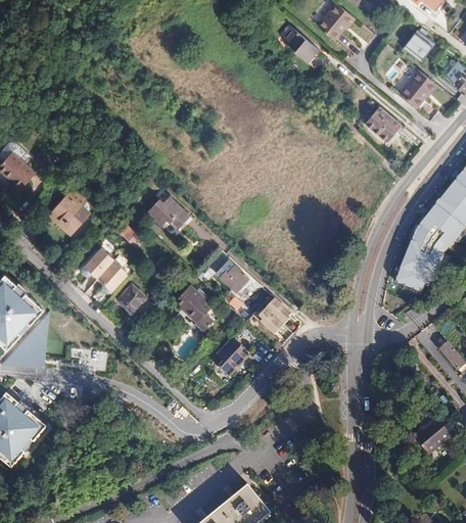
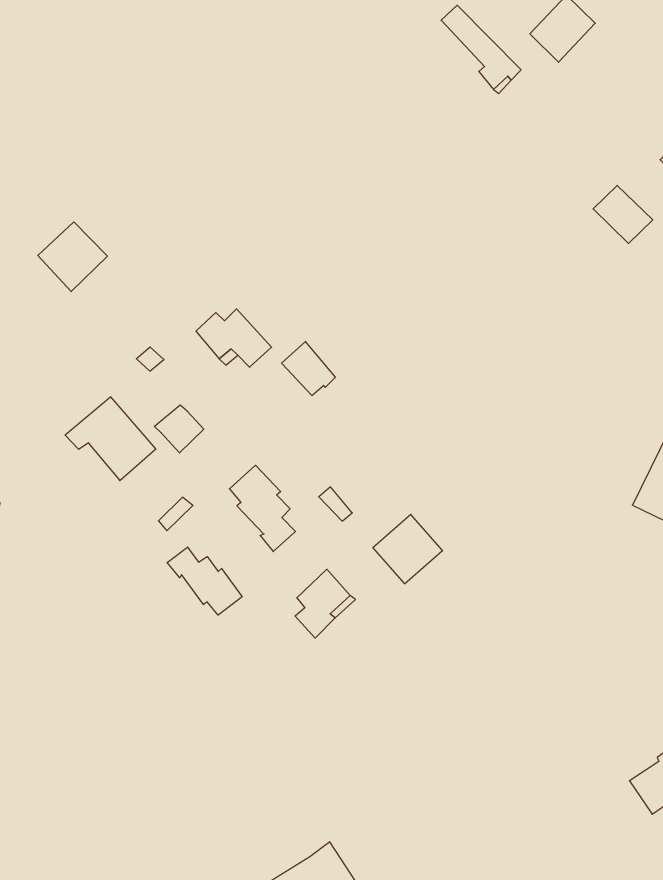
building: [44,192,83,231] -> [38,222,107,292]
building: [220,260,250,290] -> [282,341,335,395]
building: [115,279,143,305] -> [154,405,204,453]
building: none -> [167,547,242,615]

